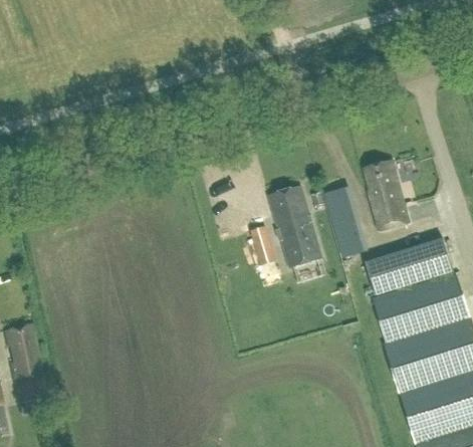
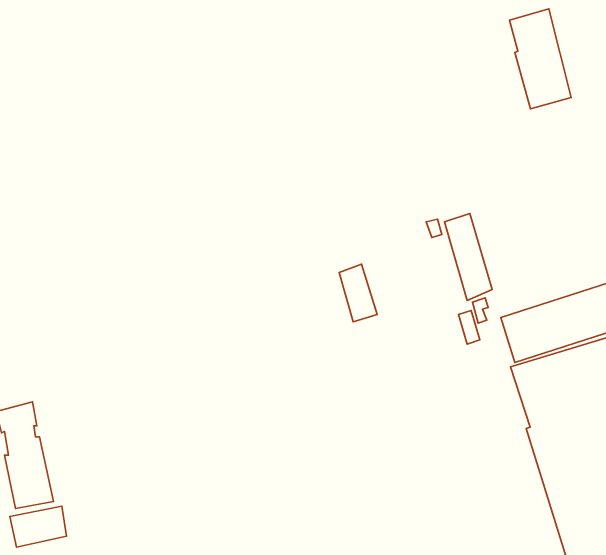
building: [364,159,408,230] -> [509,9,571,109]
building: [268,185,321,266] -> none
building: none -> [10,506,66,547]

